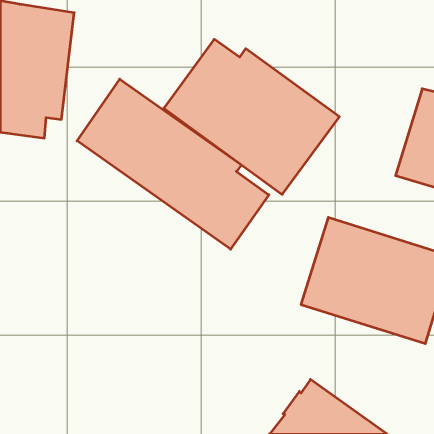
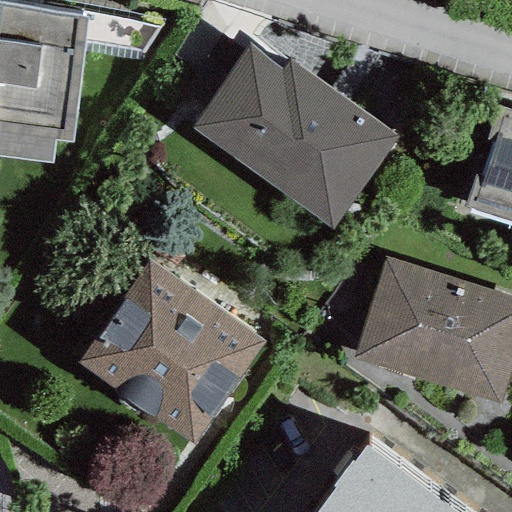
building: [77,79,269,249] -> none
building: none -> [77,259,266,443]

